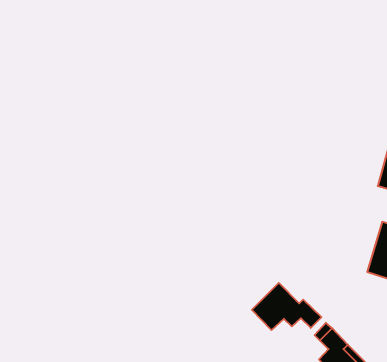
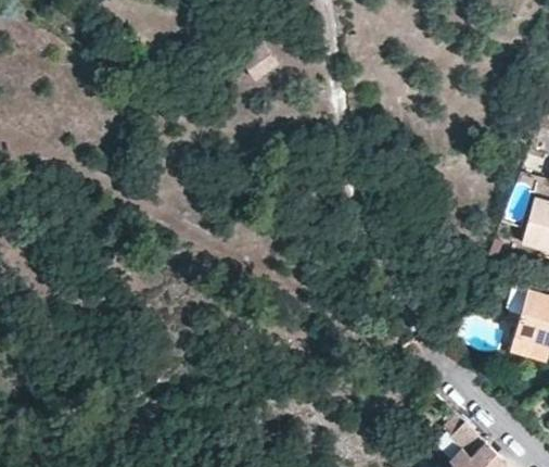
building: [252,283,321,330] -> none

